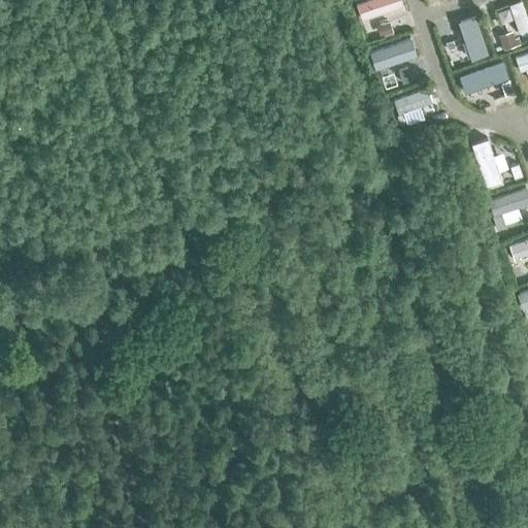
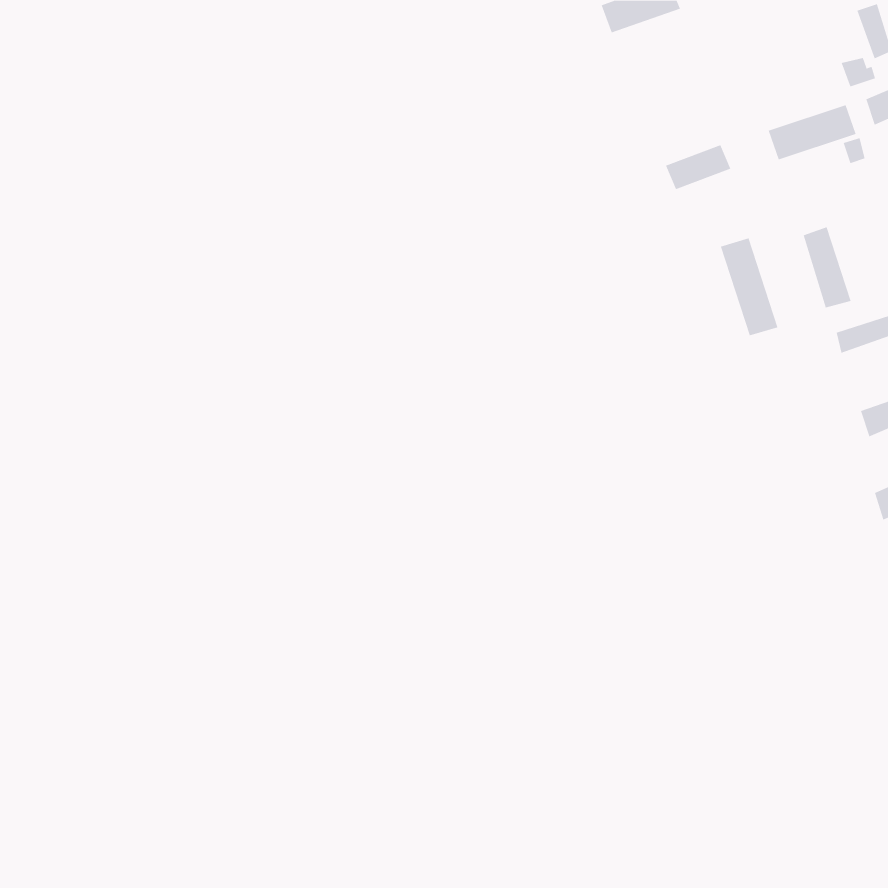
building: [457,19,488,62] -> none
building: [373,38,419,68] -> none
building: none -> [720,237,778,336]

